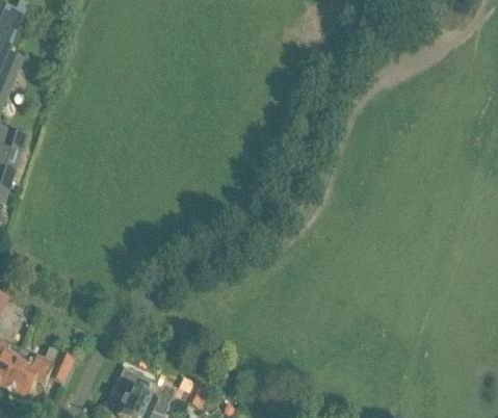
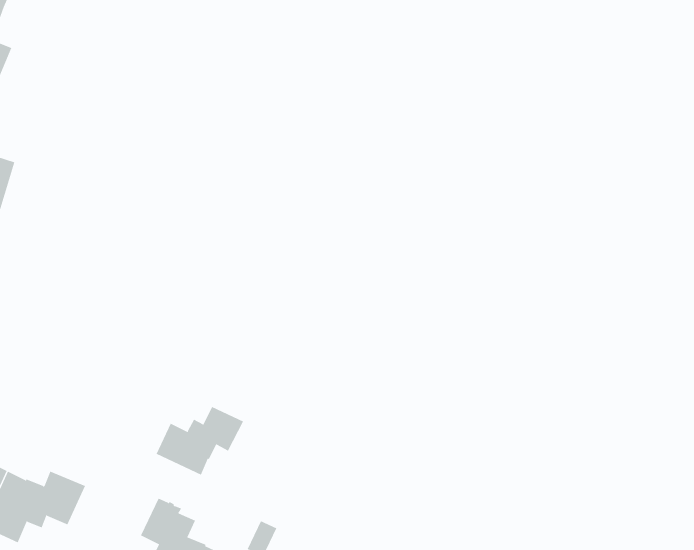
building: none -> [156,406,244,475]

